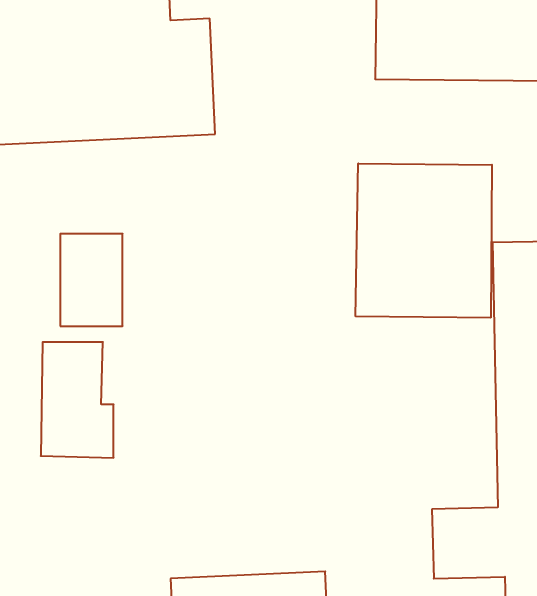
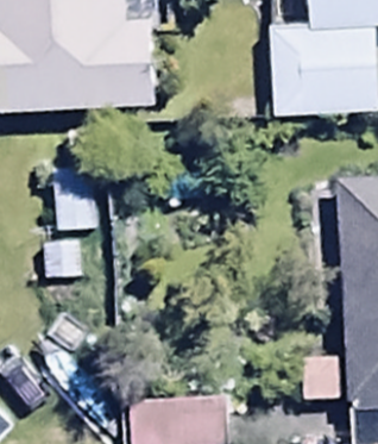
building: [356,163,492,318] -> none

